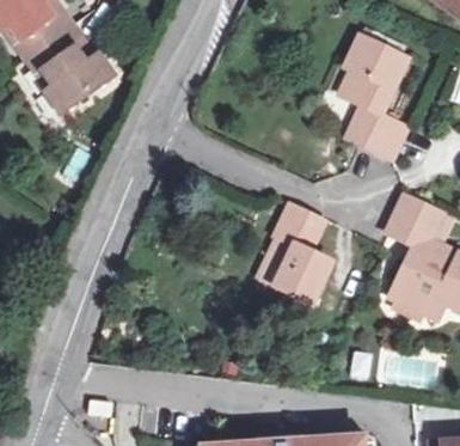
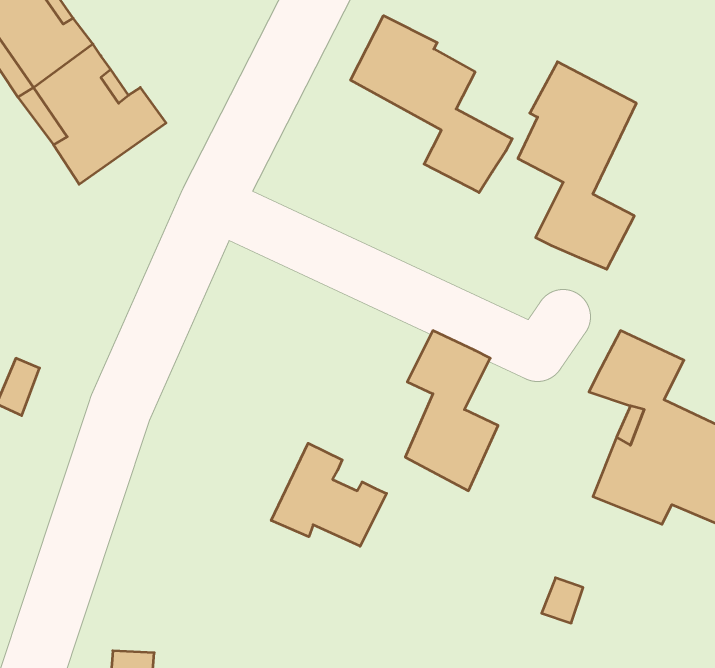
building: none -> [351,16,512,193]
building: none -> [271,443,387,546]

